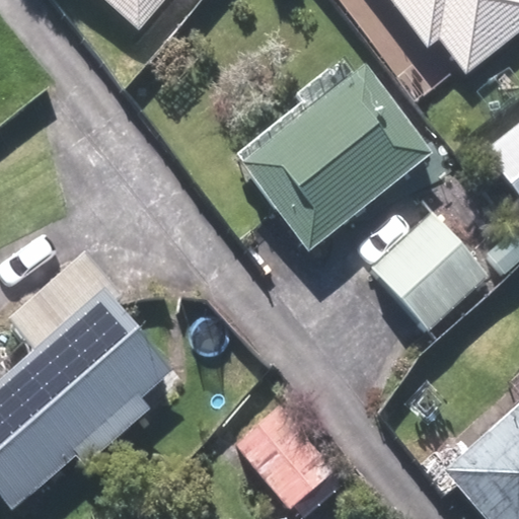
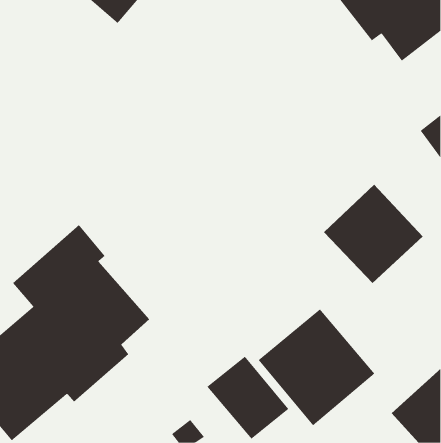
building: [235,61,433,251] -> none
building: none -> [258,308,375,426]

